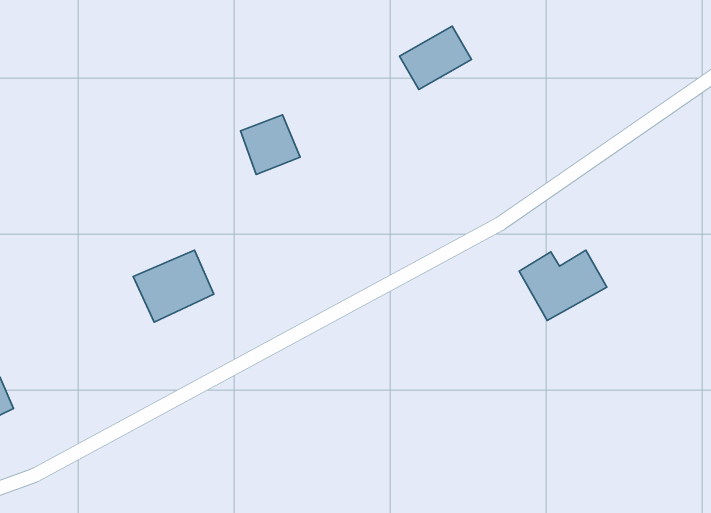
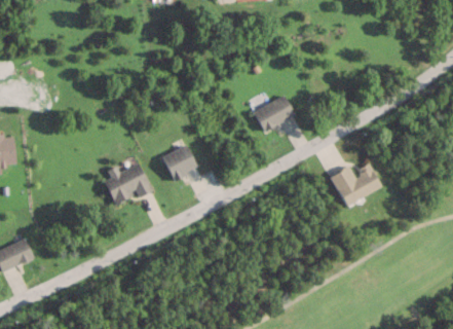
building: [399,26,471,89] -> [252,96,294,133]
building: [240,115,300,175] -> [160,146,195,181]

